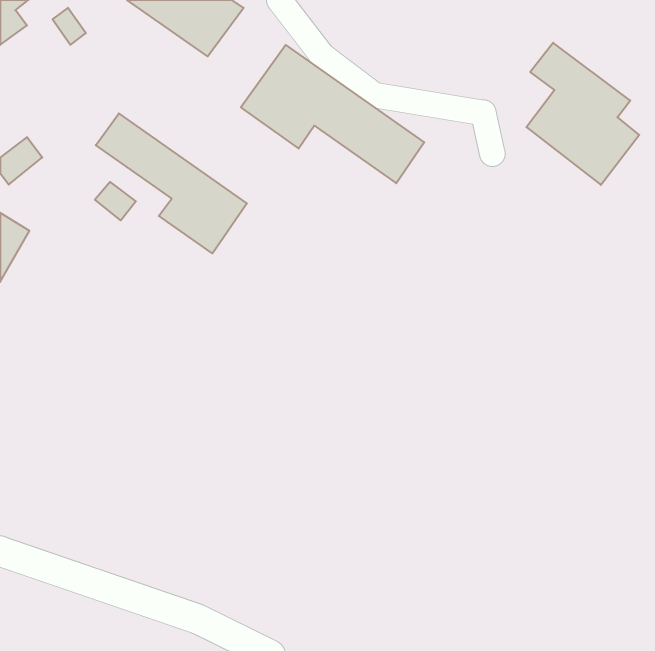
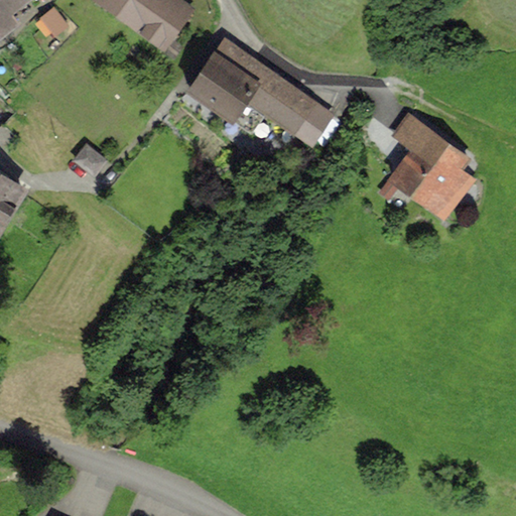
building: [526,43,639,185] -> [386,110,475,222]
building: [96,113,247,253] -> none

